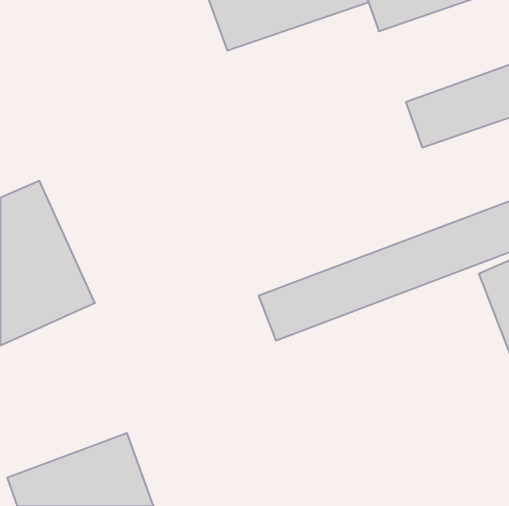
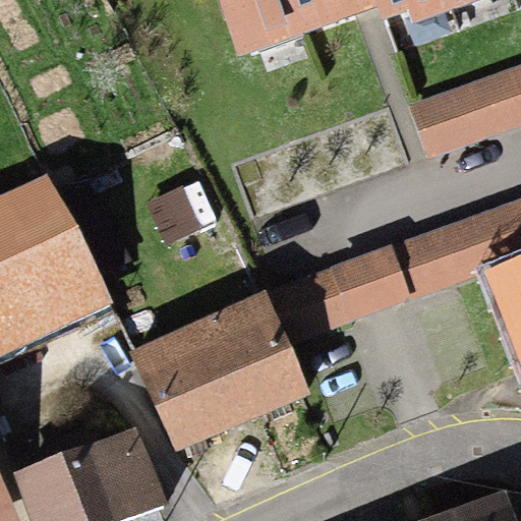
building: none -> [132,298,304,447]

